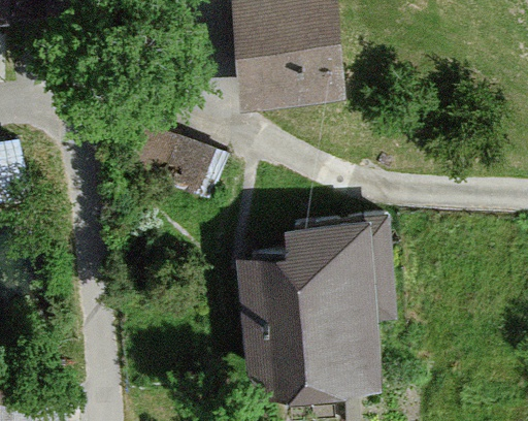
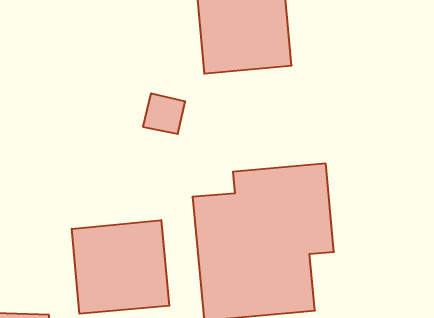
building: none -> [72,220,169,314]

